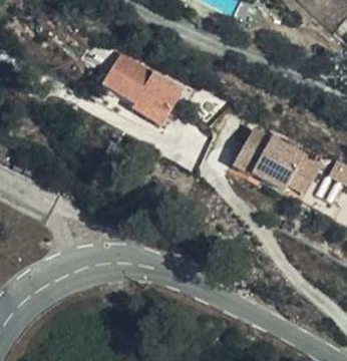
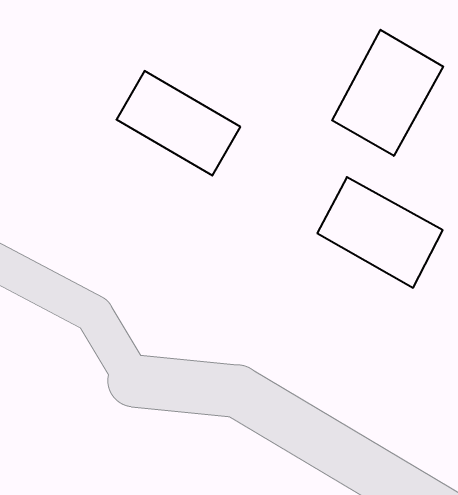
building: none -> [332,30,443,156]

